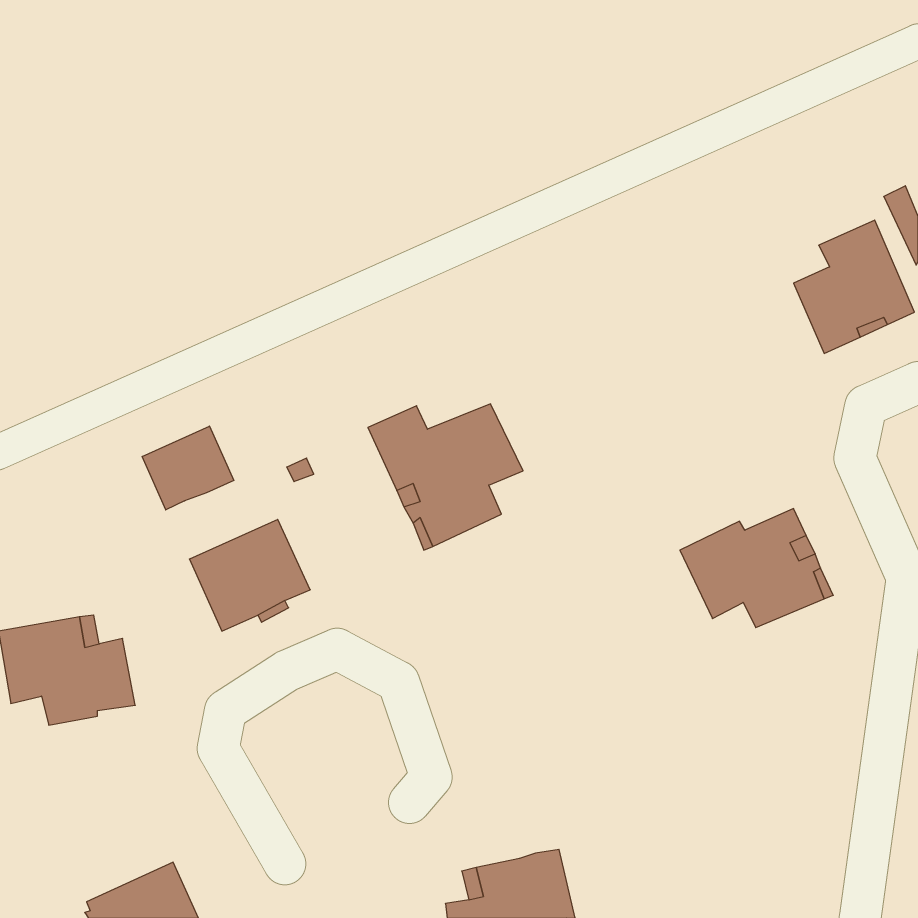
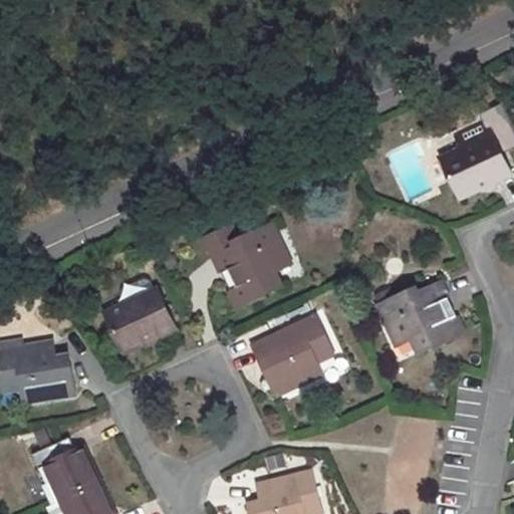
building: [142,426,234,510] -> none
building: none -> [255,317,332,393]
building: none -> [31,438,96,502]

